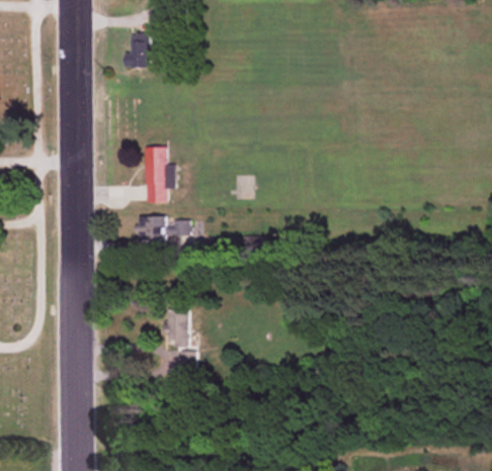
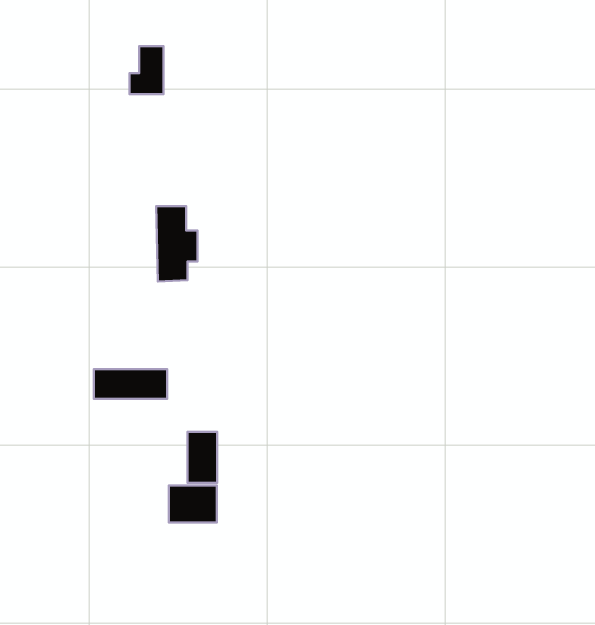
building: [136,217,188,239] -> [94,369,167,399]
building: none -> [169,486,217,522]

